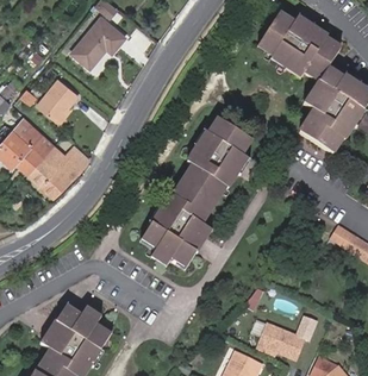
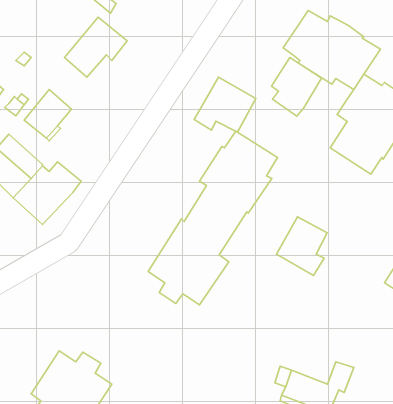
building: none -> [271,58,322,116]
building: none -> [194,77,256,132]
building: none -> [276,217,327,275]

